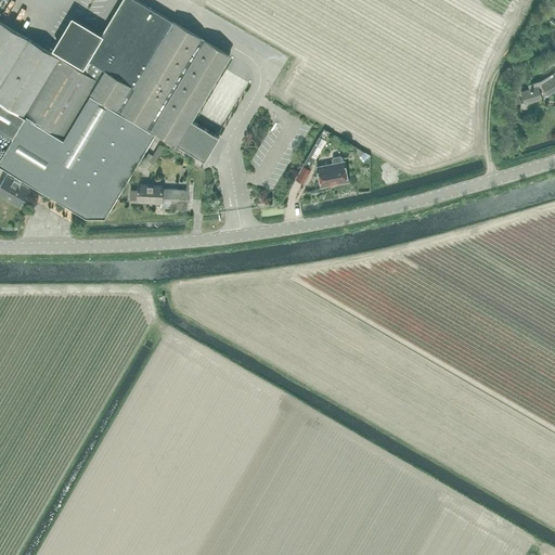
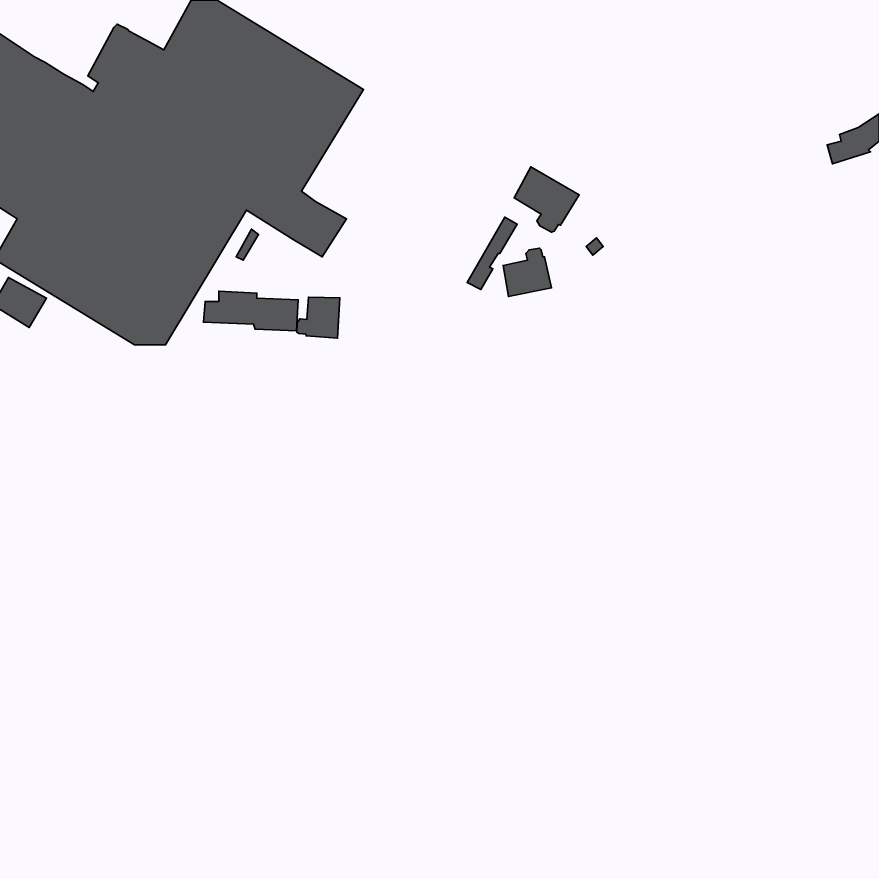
building: none -> [514,167,579,232]
building: none -> [297,297,340,338]

